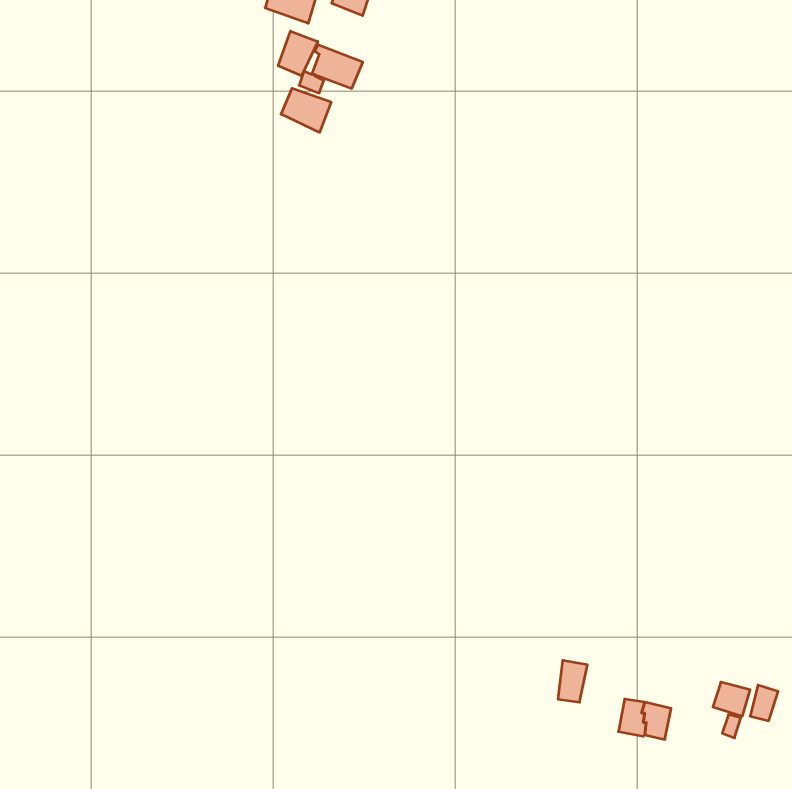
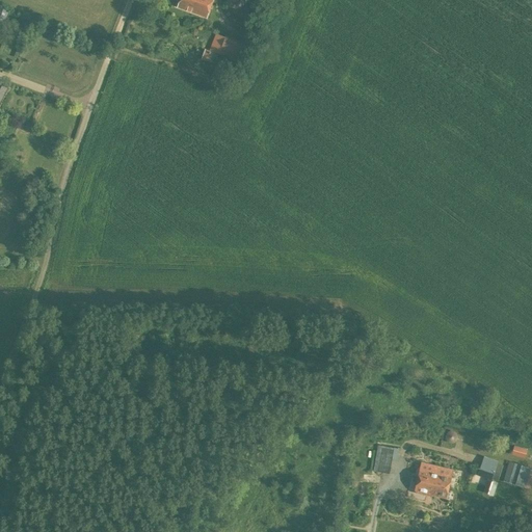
building: [278,31,318,76] -> none
building: [281,88,331,132] -> none

